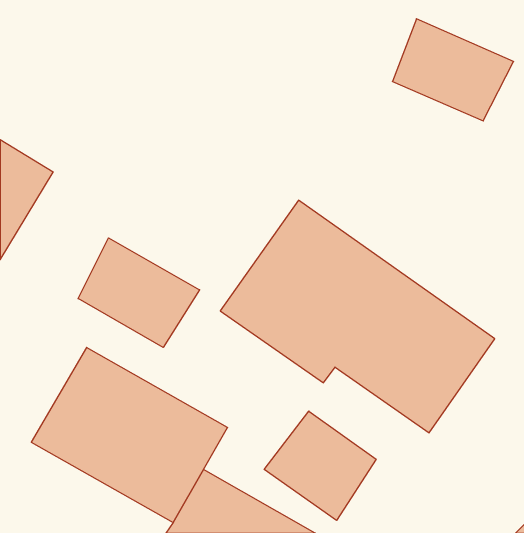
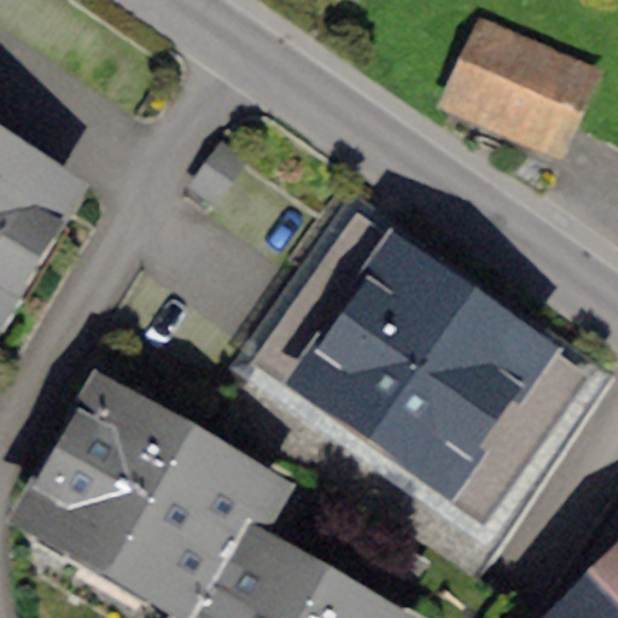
building: [78,238,200,347] -> none
building: [264,411,376,520] -> none

